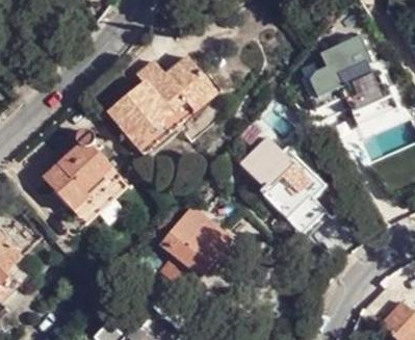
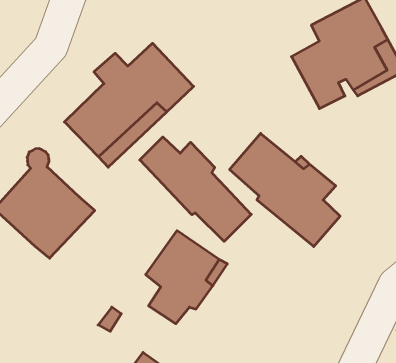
building: none -> [140,137,251,241]

